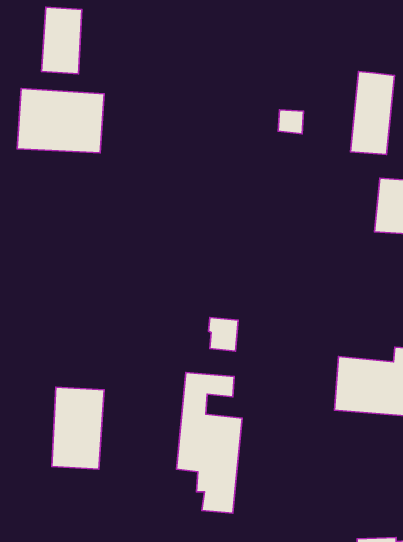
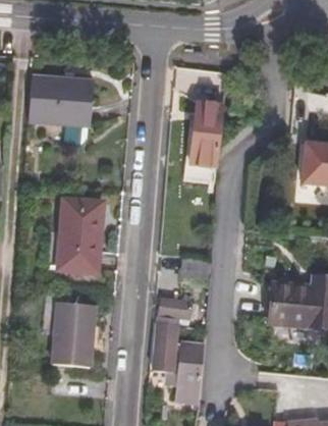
building: [41,7,82,74] -> none
building: [350,71,395,154] -> [183,99,217,162]
building: none -> [68,201,113,272]

